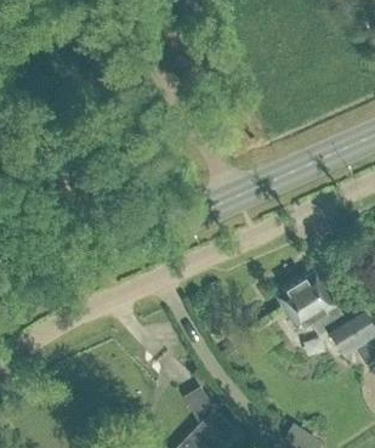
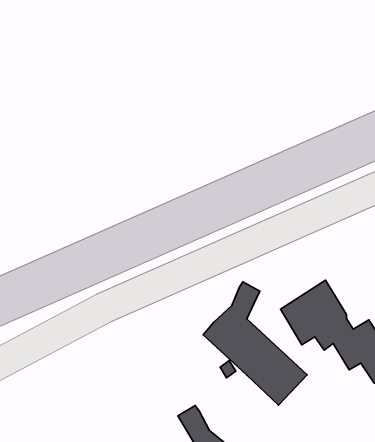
building: none -> [203,282,307,405]

